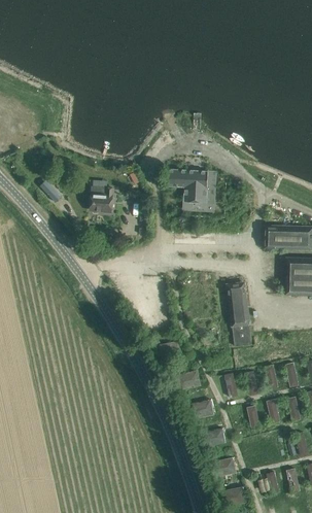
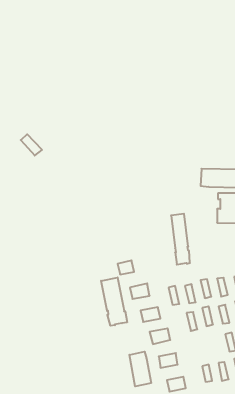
building: [166,169,216,210] -> none
building: [91,186,114,211] -> none
building: none -> [101,277,127,326]
building: none -> [129,352,151,386]

